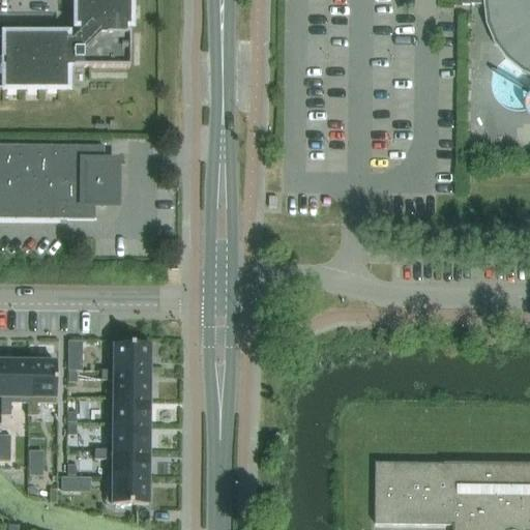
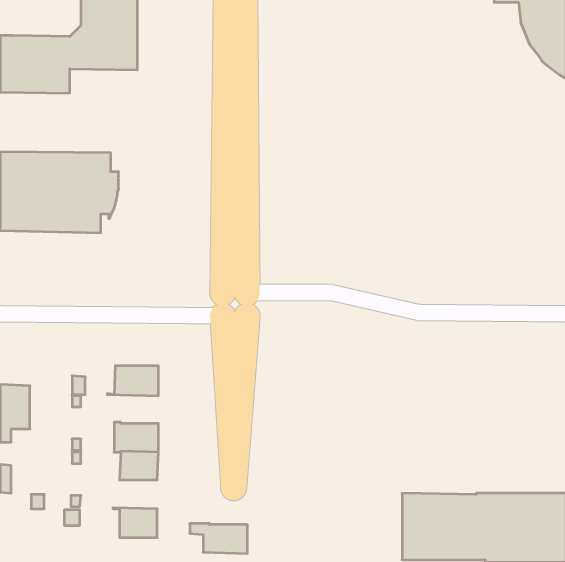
building: [28,360,56,414] -> none
building: [101,369,149,395] -> none
building: [94,447,148,475] -> [190,524,247,553]

